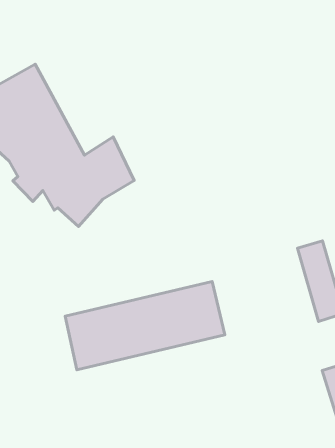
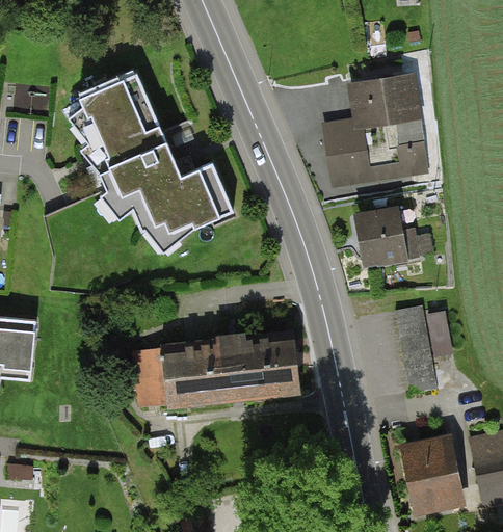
building: none -> [326,76,428,184]
building: none -> [360,208,411,264]

